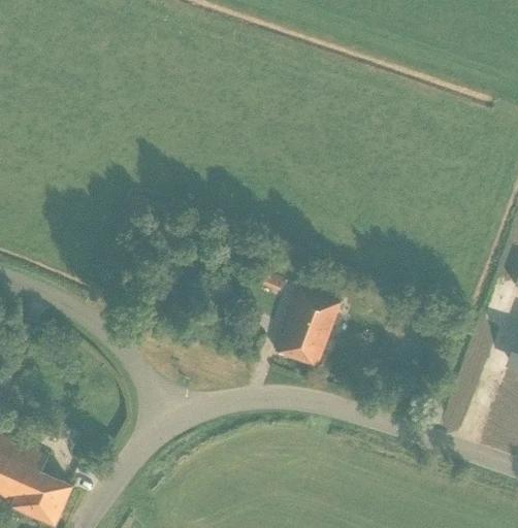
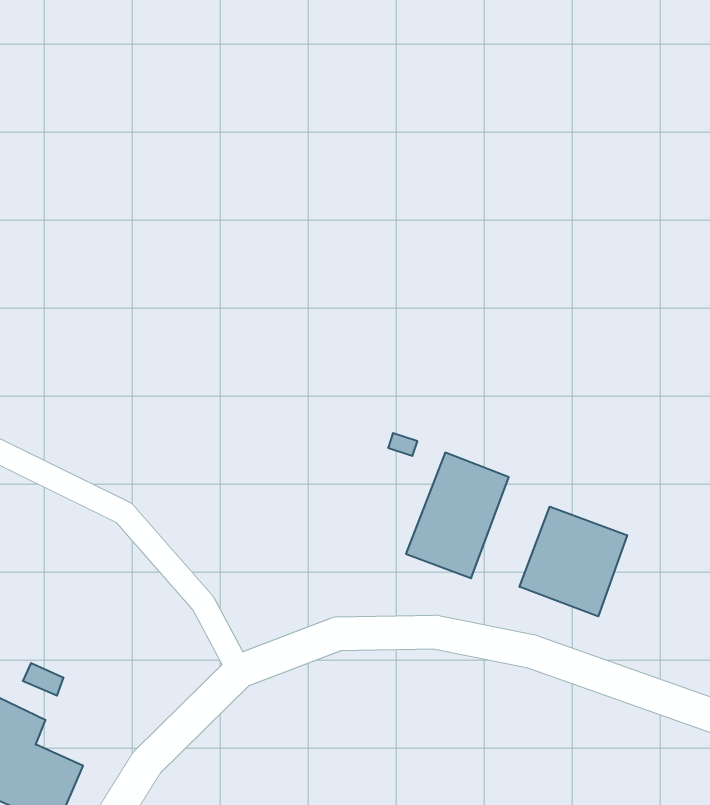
building: none -> [519,507,627,616]

